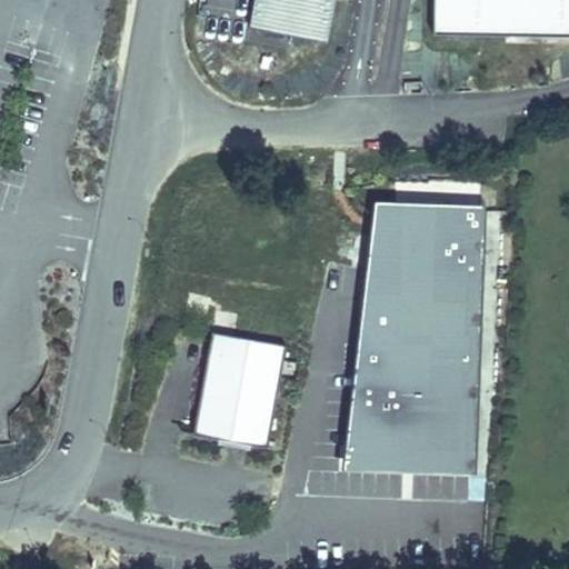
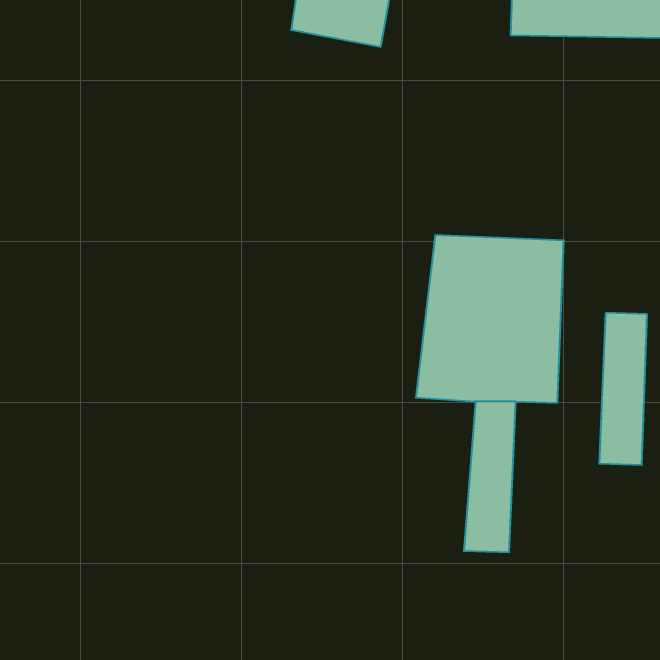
building: [203,337,283,450] -> none
building: [341,340,410,471] -> none
building: [439,343,480,473] -> [599,313,647,465]

